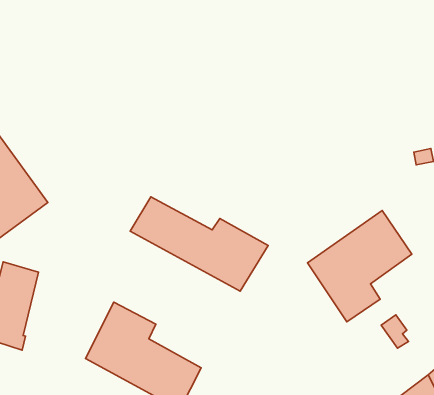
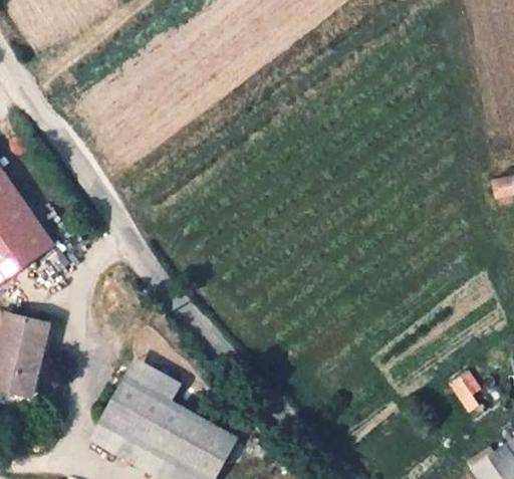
building: [130,197,268,291] -> none
building: [308,210,412,322] -> none

